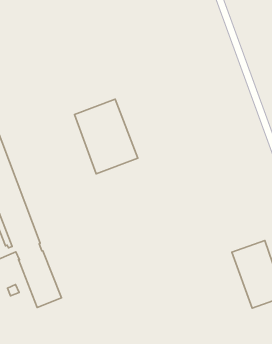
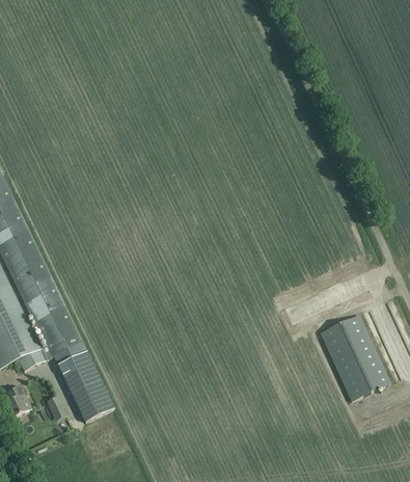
building: [74,99,138,174] -> none

